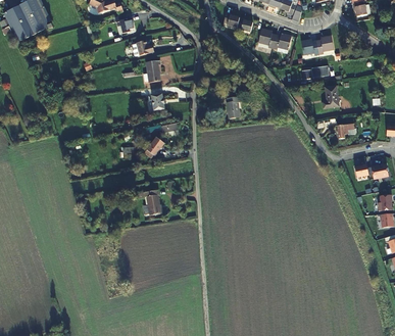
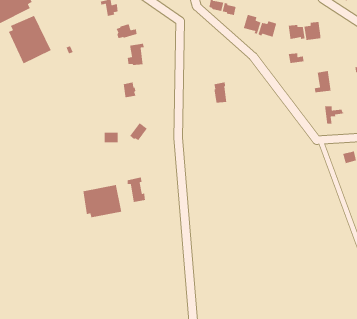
building: none -> [8,15,52,64]
building: none -> [82,184,122,218]

